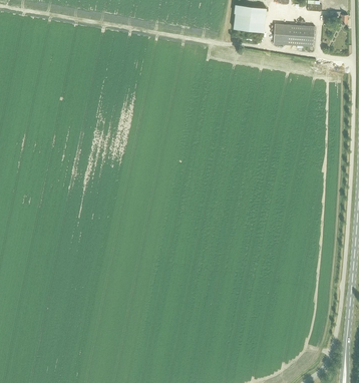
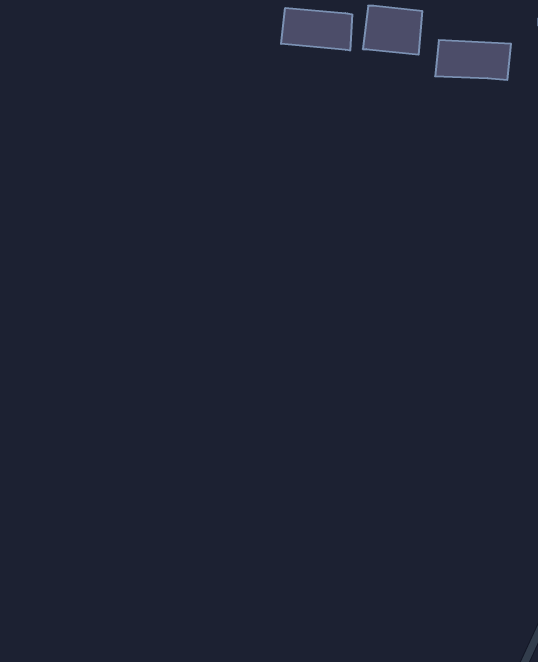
building: none -> [281,8,352,51]

